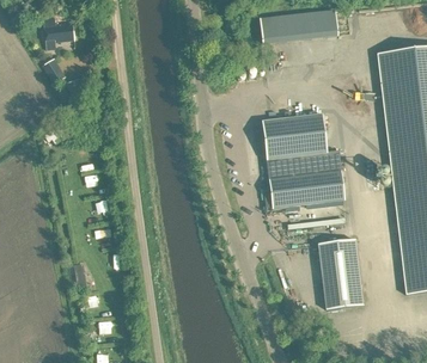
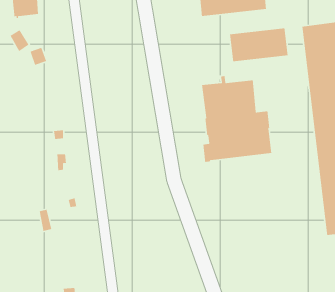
building: none -> [229,28,289,62]
building: [318,239,362,309] -> none

